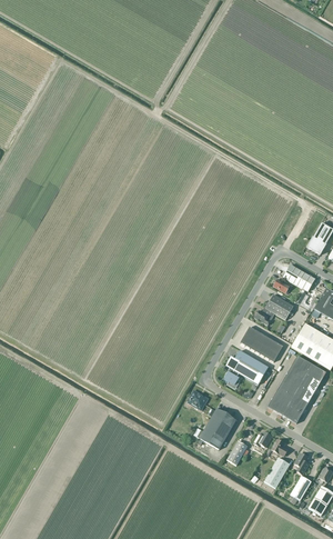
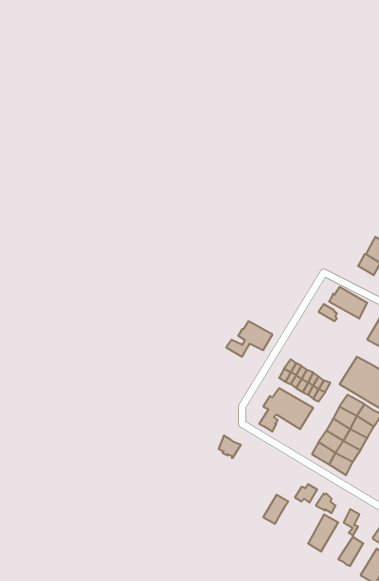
building: [254,295,293,325] -> [226,321,272,357]
building: [193,408,236,449] -> none

